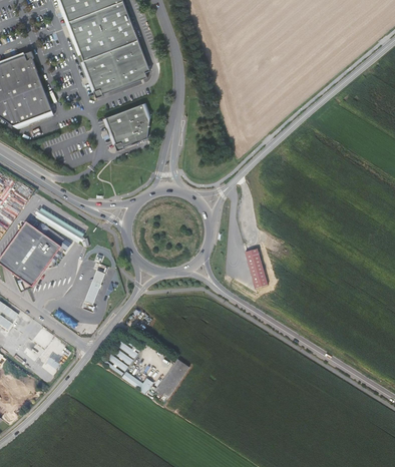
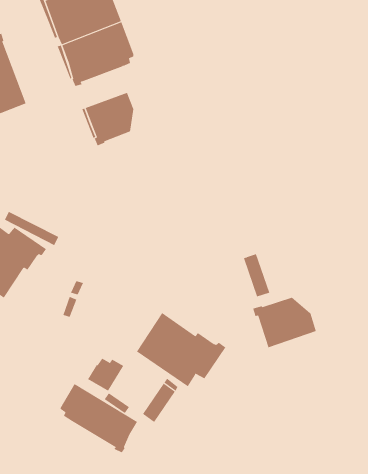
building: none -> [253,297,316,348]
building: none -> [136,312,226,387]
building: none -> [60,383,138,453]

